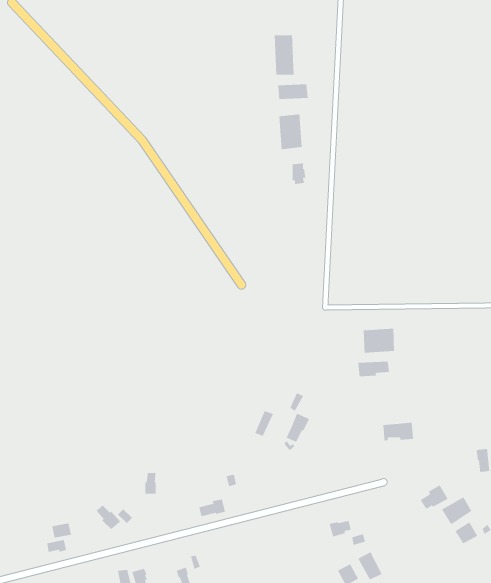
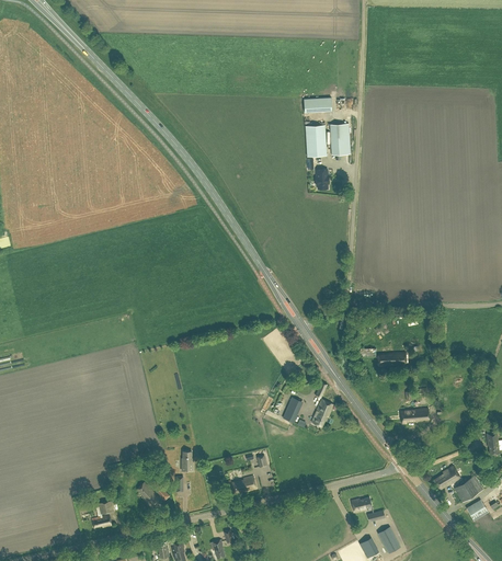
building: [274,35,294,76] -> none
building: none -> [329,123,350,154]
building: [363,328,395,354] -> none

